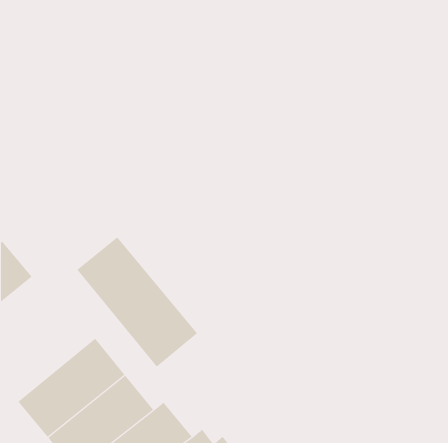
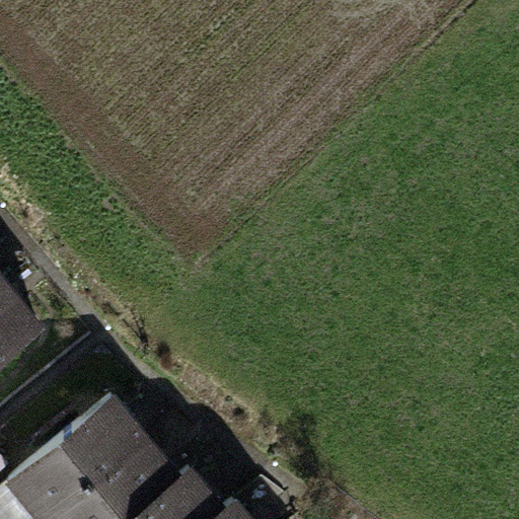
building: [77,237,198,367] -> none

